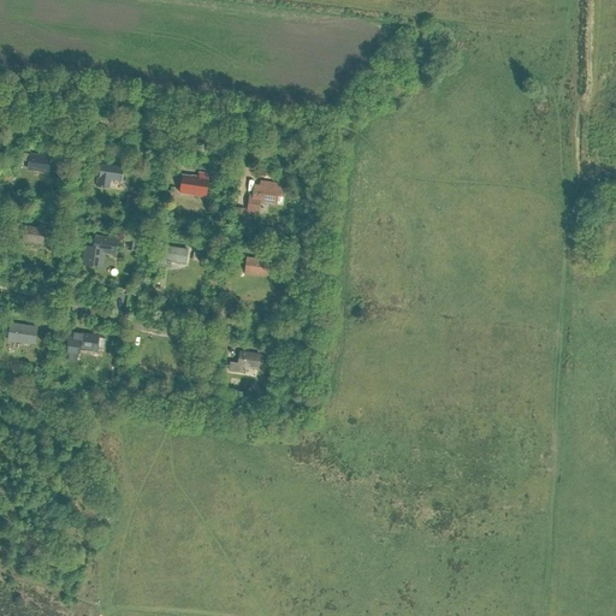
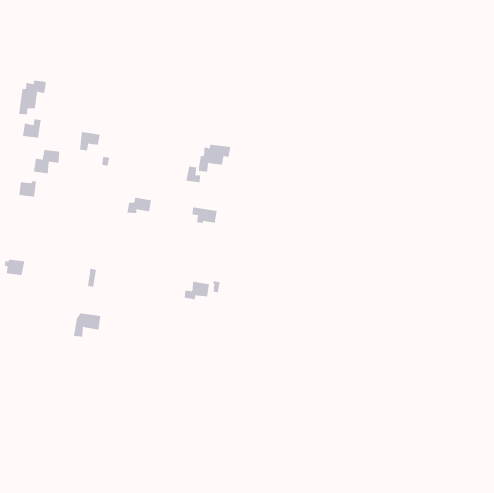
building: none -> [18,80,47,115]
building: [178,173,209,199] -> none
building: [83,235,117,265] -> [33,150,60,174]
building: [65,331,100,361] -> [73,313,101,337]

